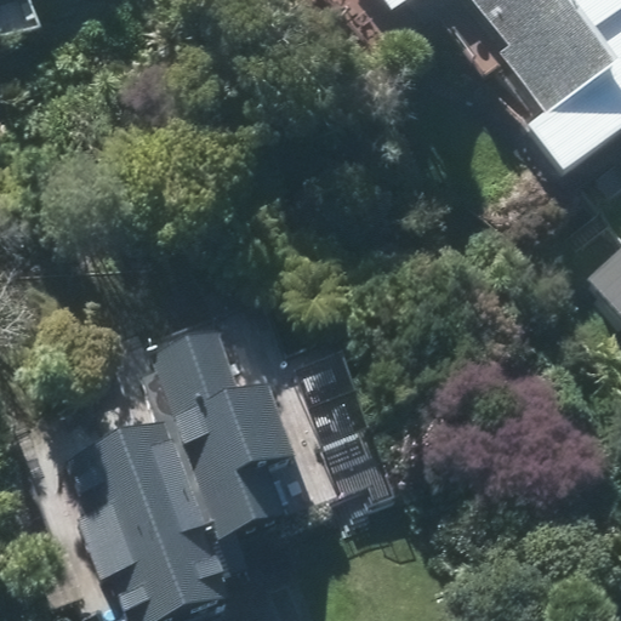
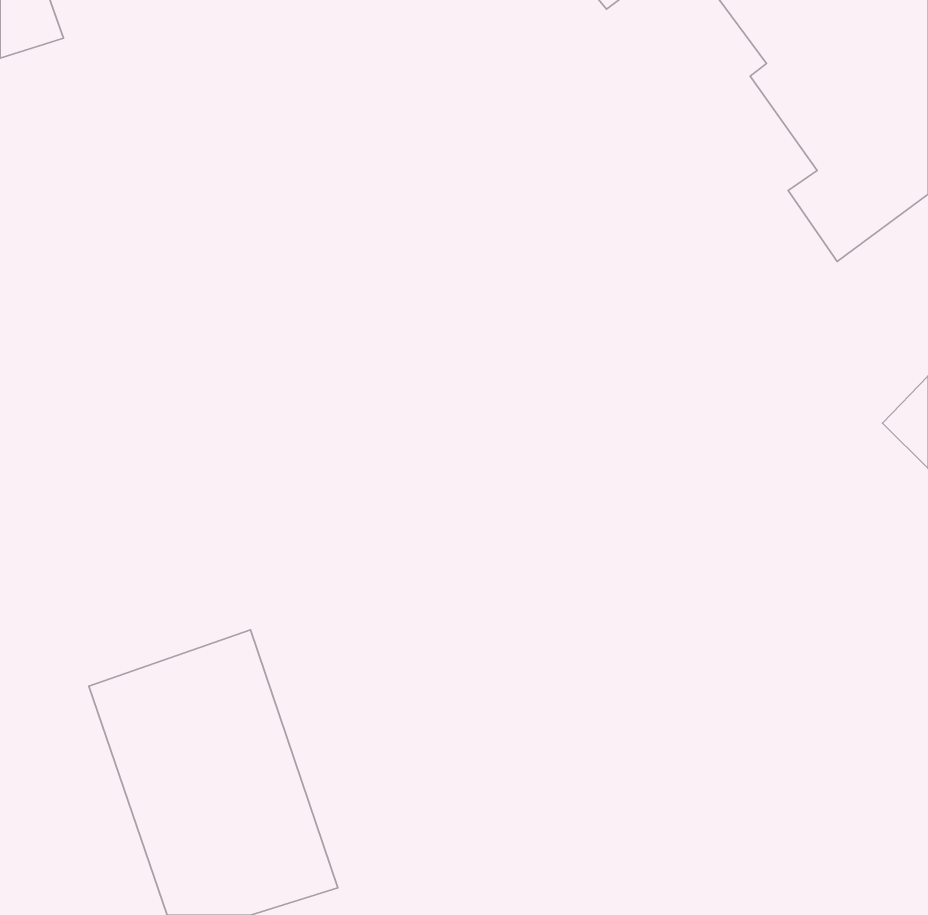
building: [152,308,340,525] -> none

